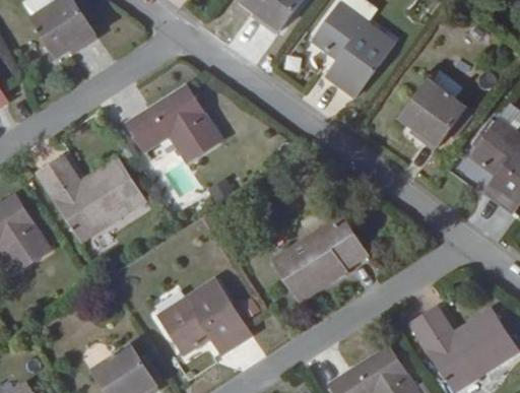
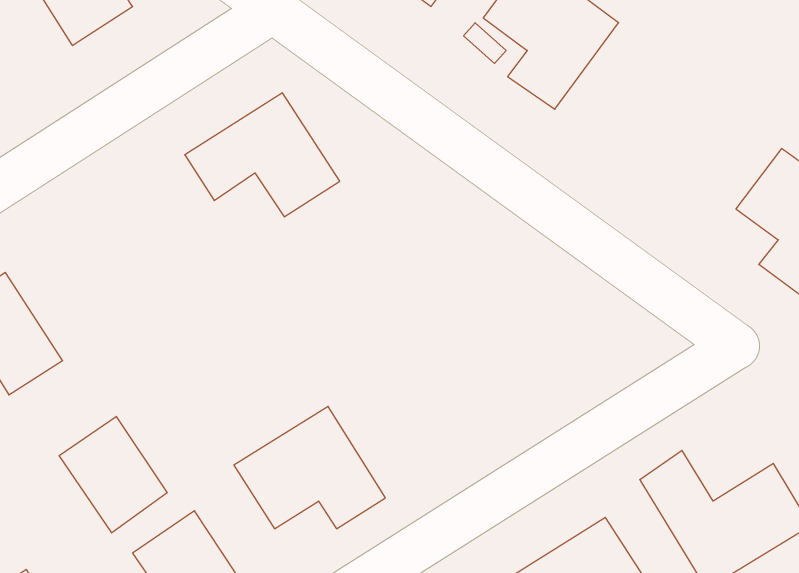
building: [401,79,467,144] -> none
building: [37,153,145,241] -> none
building: [270,210,367,297] -> none
building: none -> [59,416,167,533]

